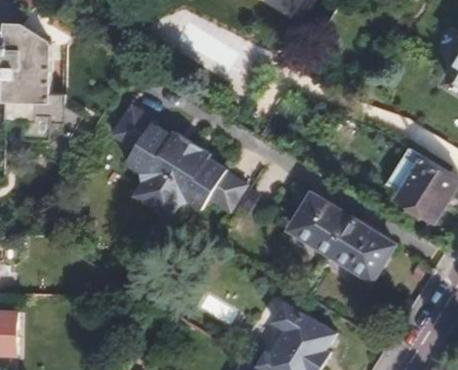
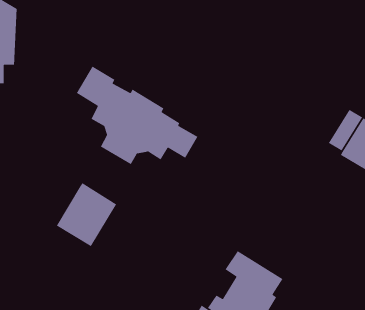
building: [292,196,394,279] -> none
building: none -> [56,182,117,247]

